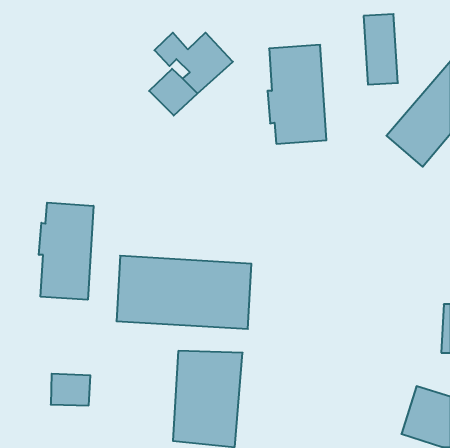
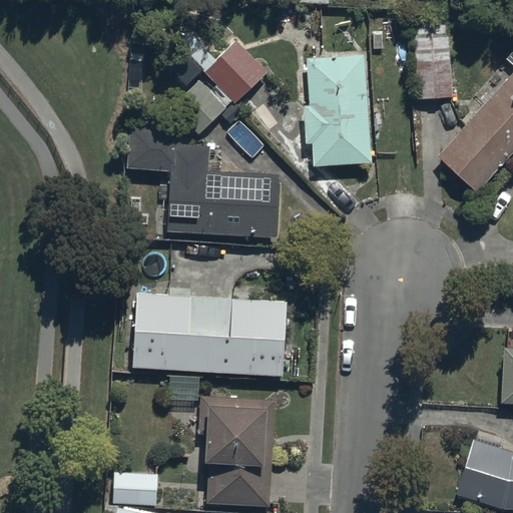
building: none -> [127,126,280,239]
building: [39,203,93,300] -> none
building: [51,374,90,405] -> [111,470,156,506]

